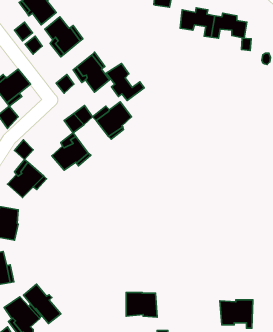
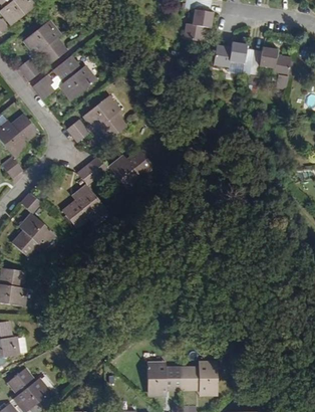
building: [106,63,144,100] -> none
building: [23,284,61,323] -> none
building: [220,300,253,328] -> [181,365,218,397]

